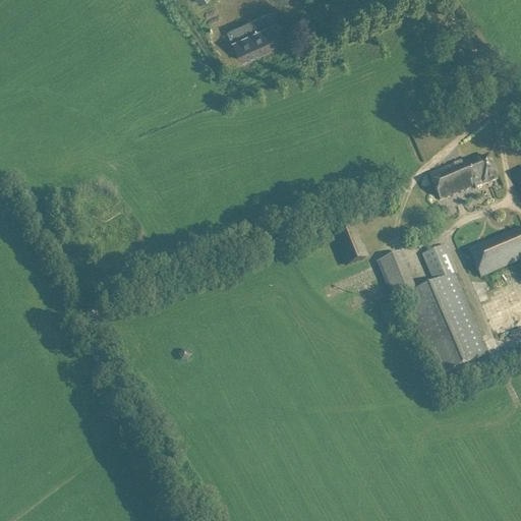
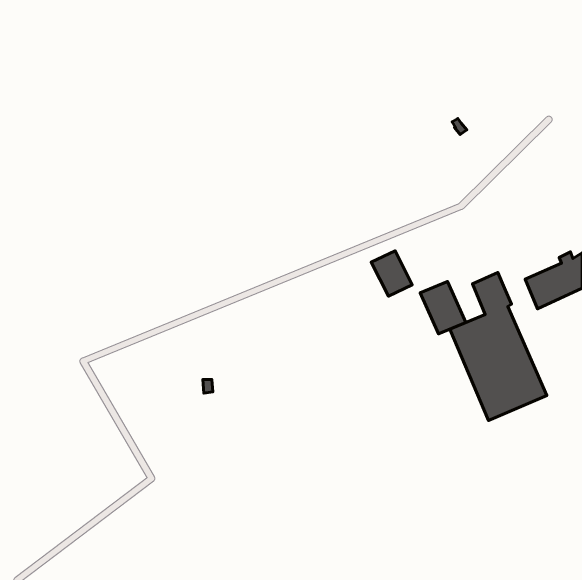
building: [228,10,287,59] -> none
building: [428,155,498,198] -> none

